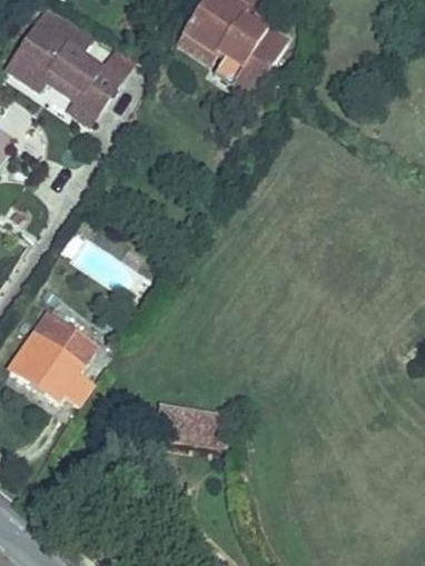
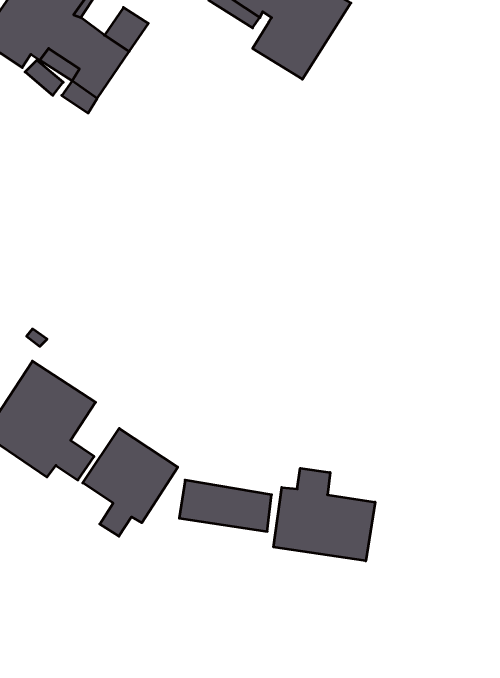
building: none -> [83,428,178,536]
building: none -> [274,468,375,561]

